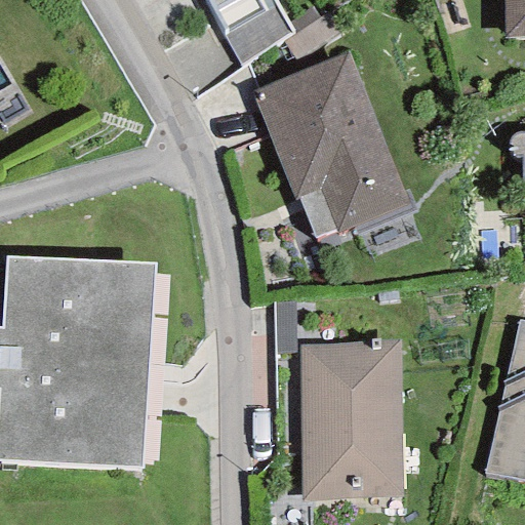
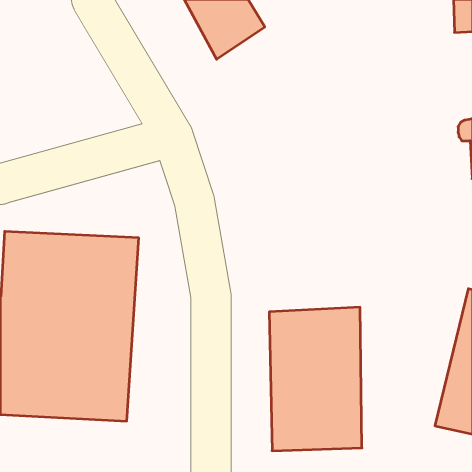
building: [249,50,418,238] -> none

